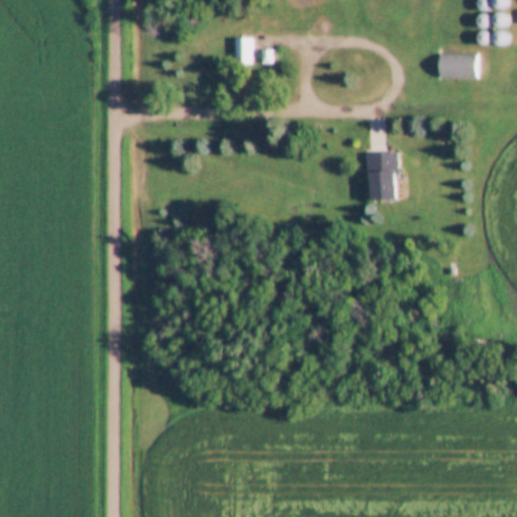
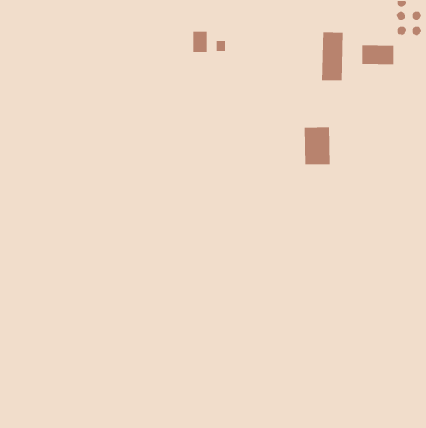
building: none -> [321,31,344,81]

